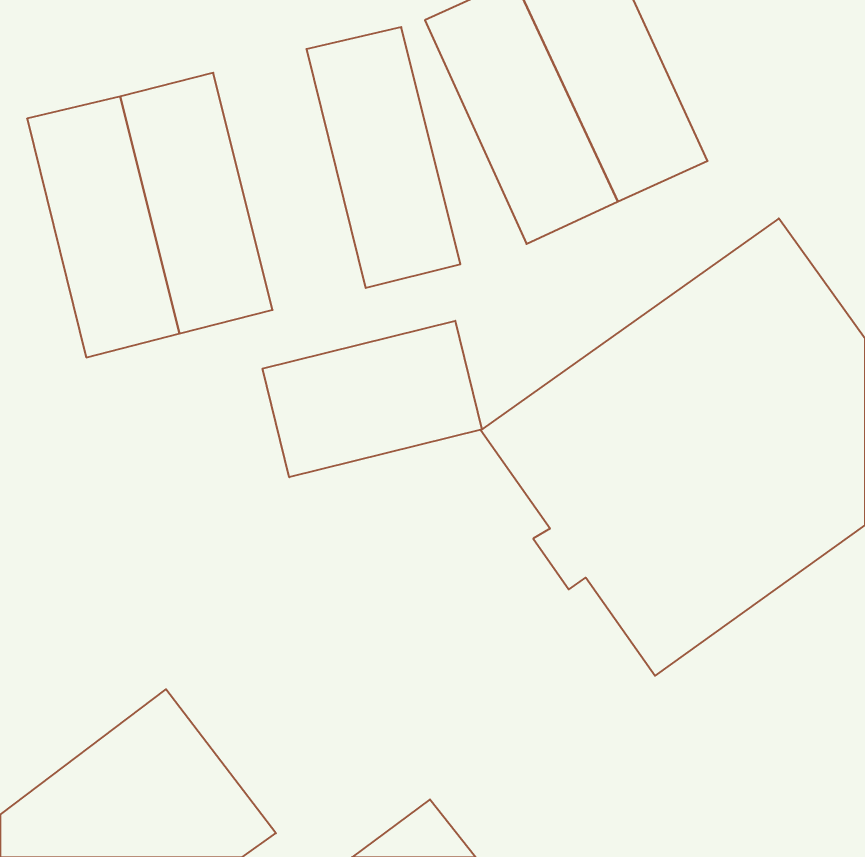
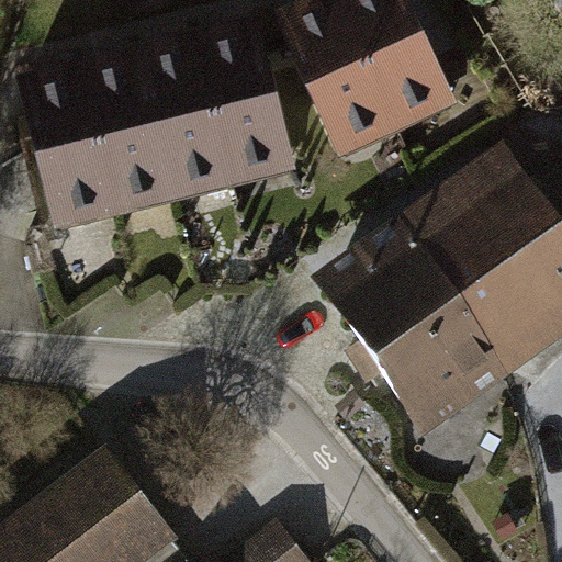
building: none -> [138,32,237,201]
building: [263,321,482,477] -> none

